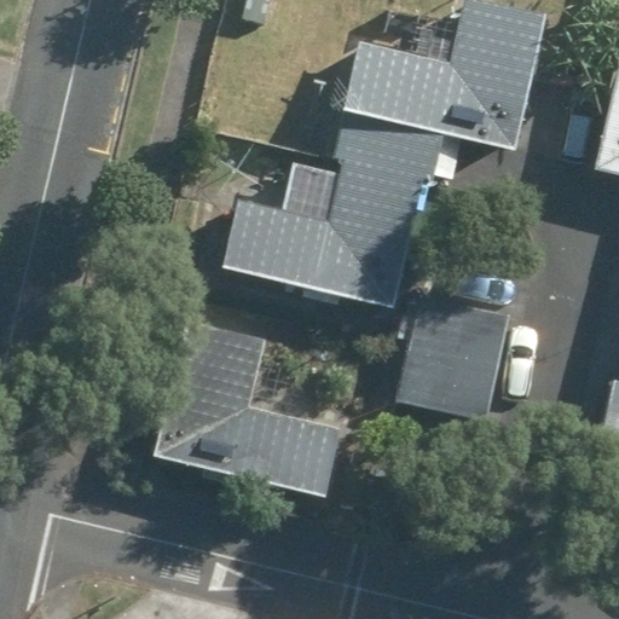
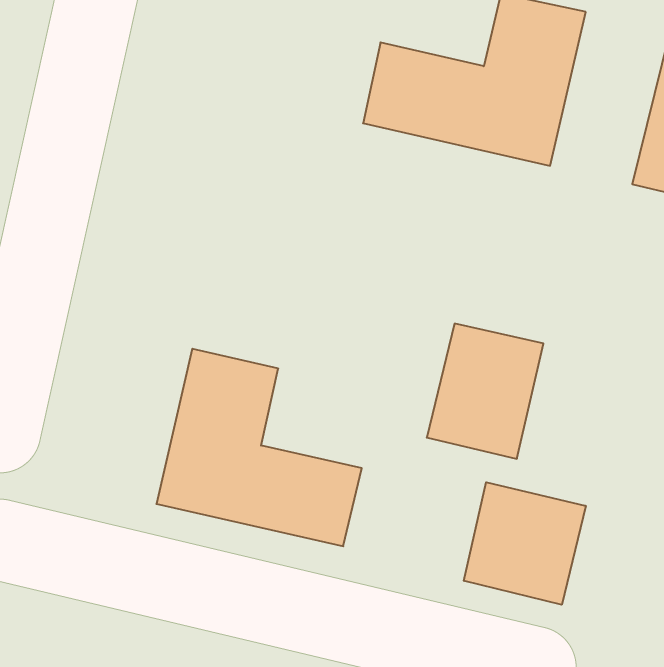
building: [222,115,441,308] -> none
building: none -> [464,482,586,605]

